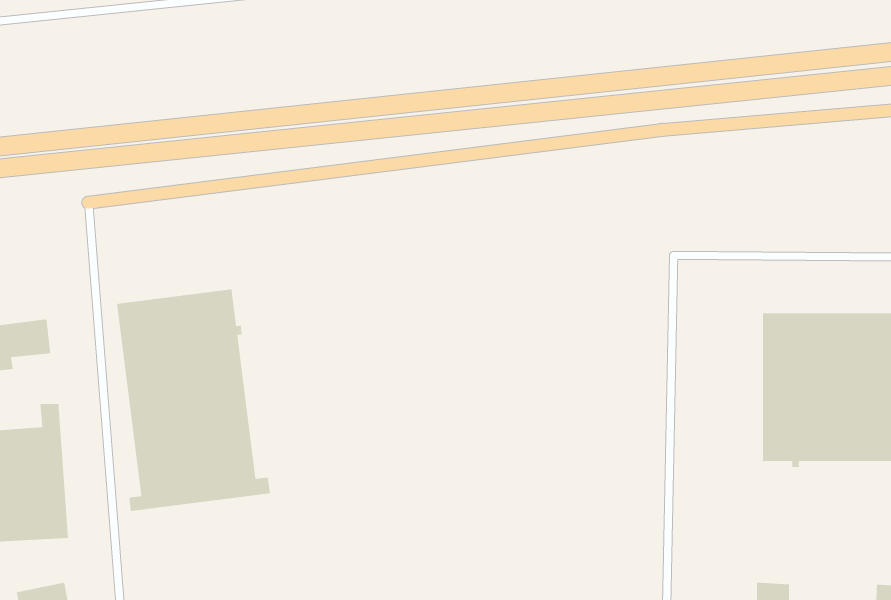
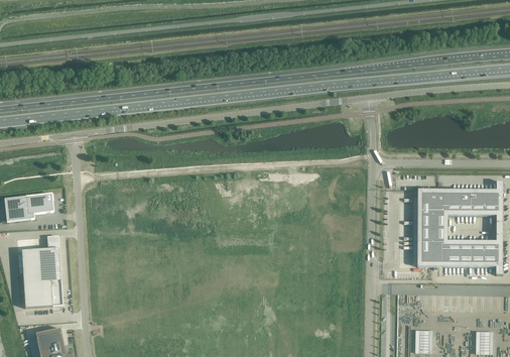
building: [116,289,271,512] -> none

